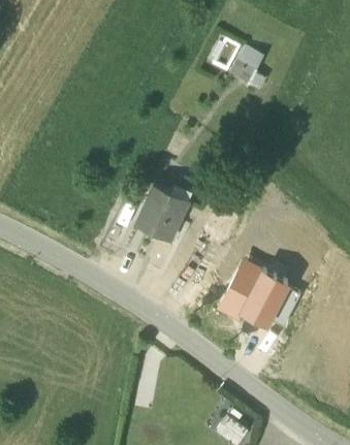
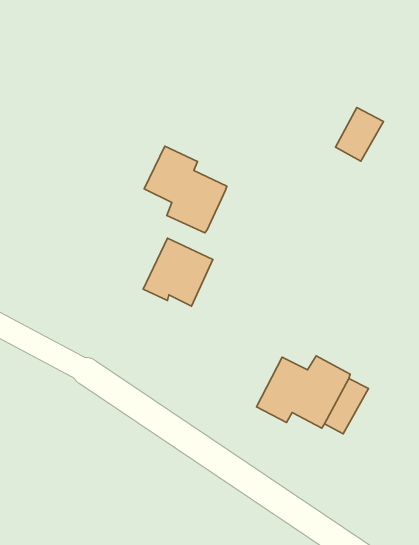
building: [229,45,264,85] -> [335,107,384,161]
building: none -> [144,146,227,233]

